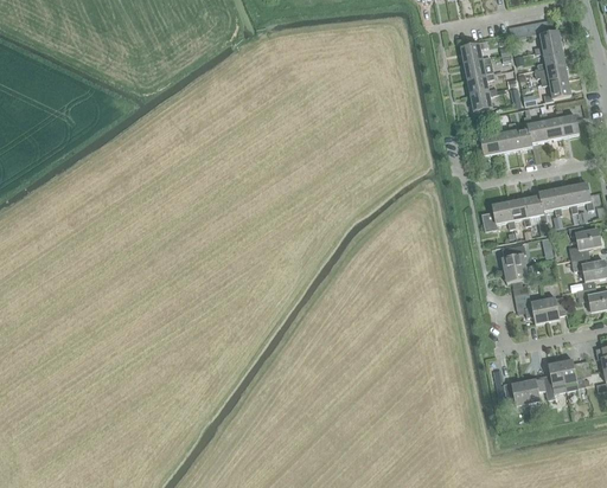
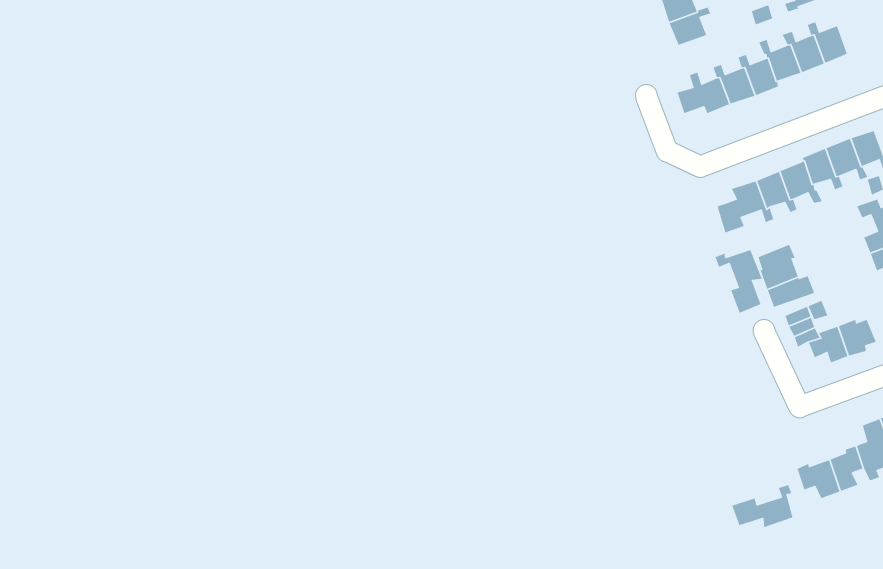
building: none -> [715,249,763,314]
building: none -> [731,484,794,528]

